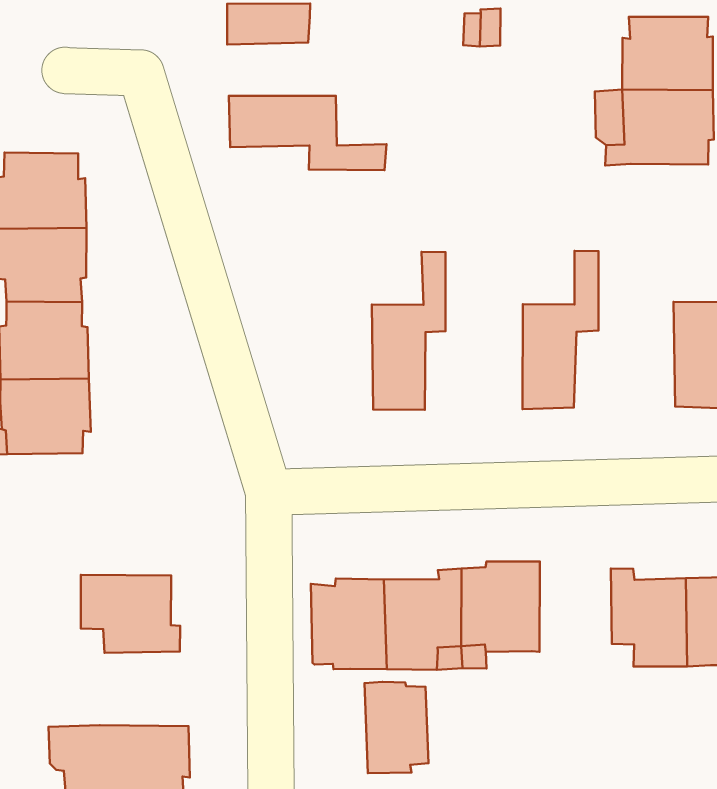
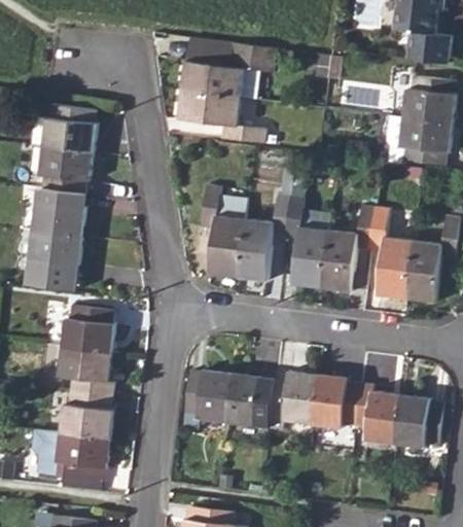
building: none -> [181,52,275,99]
building: none -> [369,206,414,298]
building: none -> [284,195,329,288]
building: none -> [200,184,248,277]
building: none -> [62,306,115,354]
building: none -> [312,375,358,428]
building: none -> [61,392,113,440]
building: [365,682,428,773] -> none

